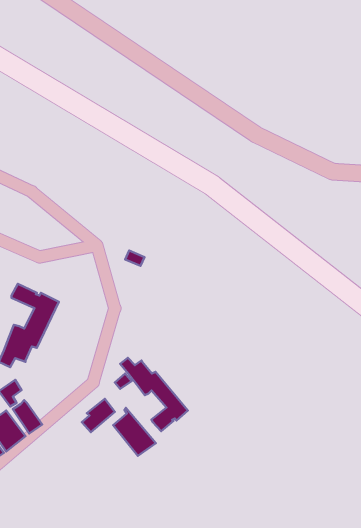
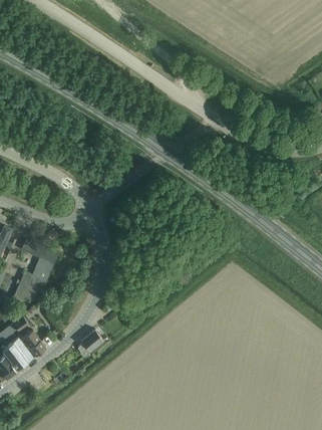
building: [120,358,188,431] -> none
building: [113,408,156,456] -> none

